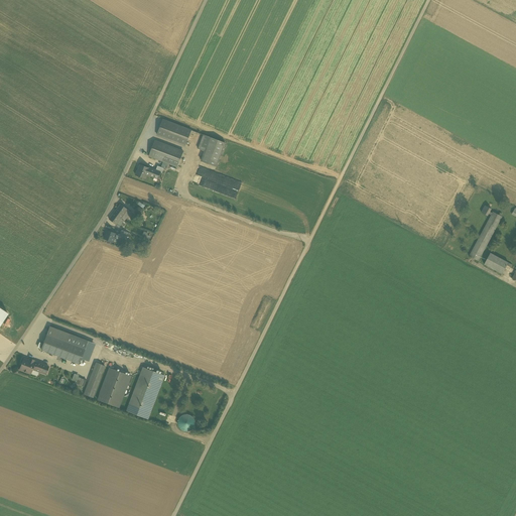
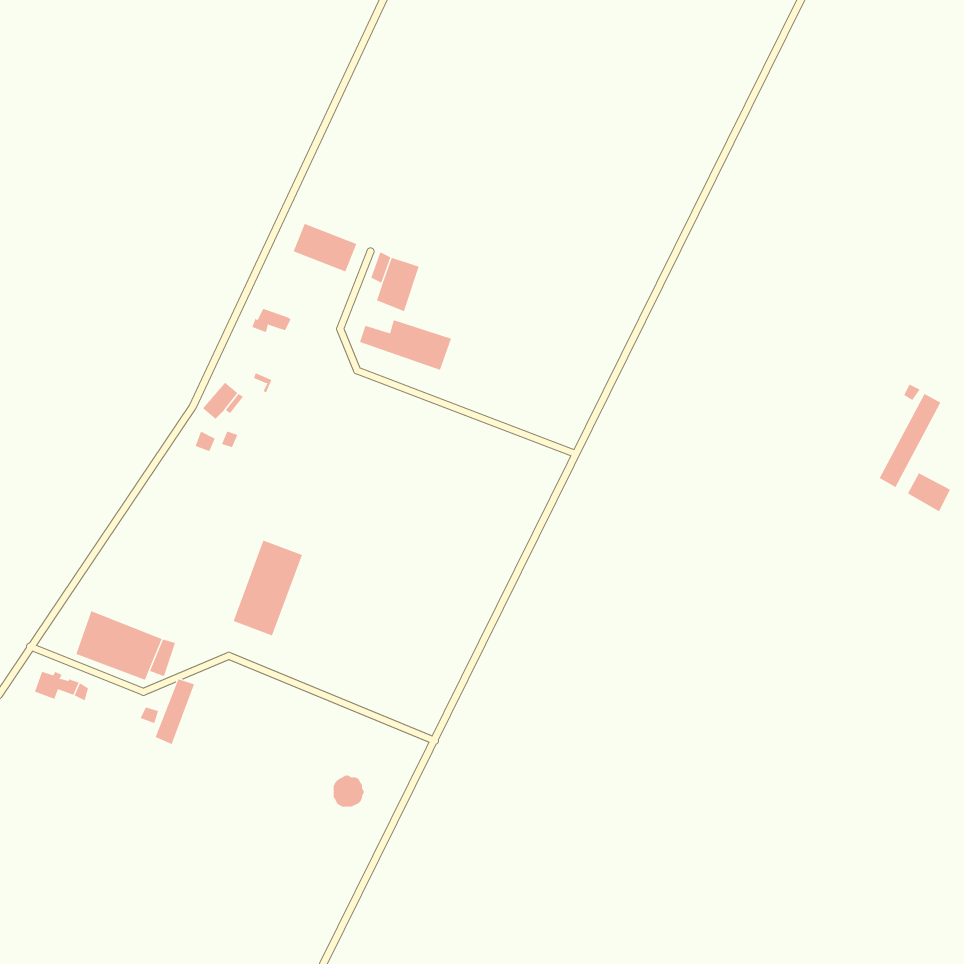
building: [148,140,182,166] -> none
building: [97,367,130,407] -> none
building: [126,367,163,418] -> [233,540,303,636]

